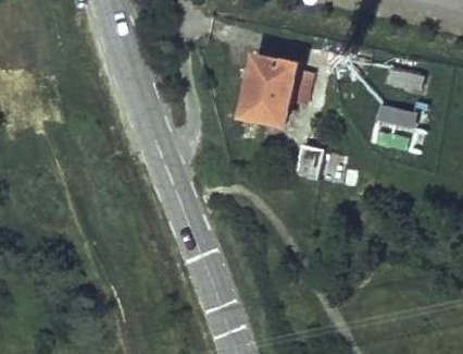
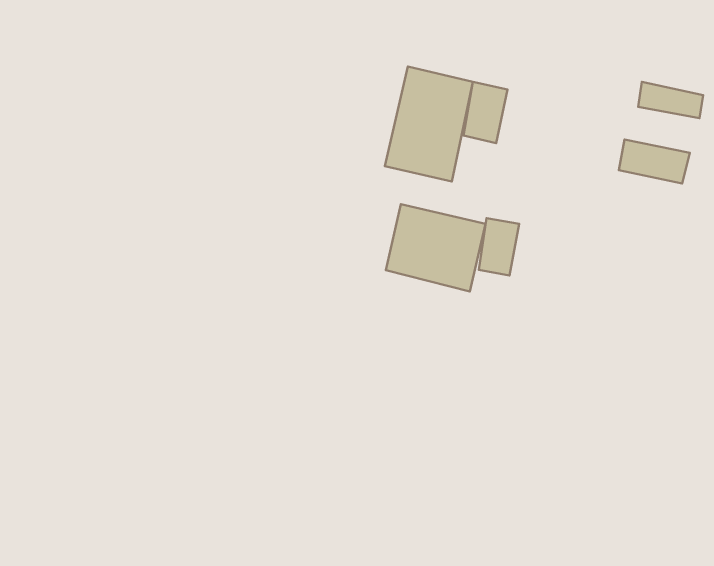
building: none -> [386,204,486,291]

